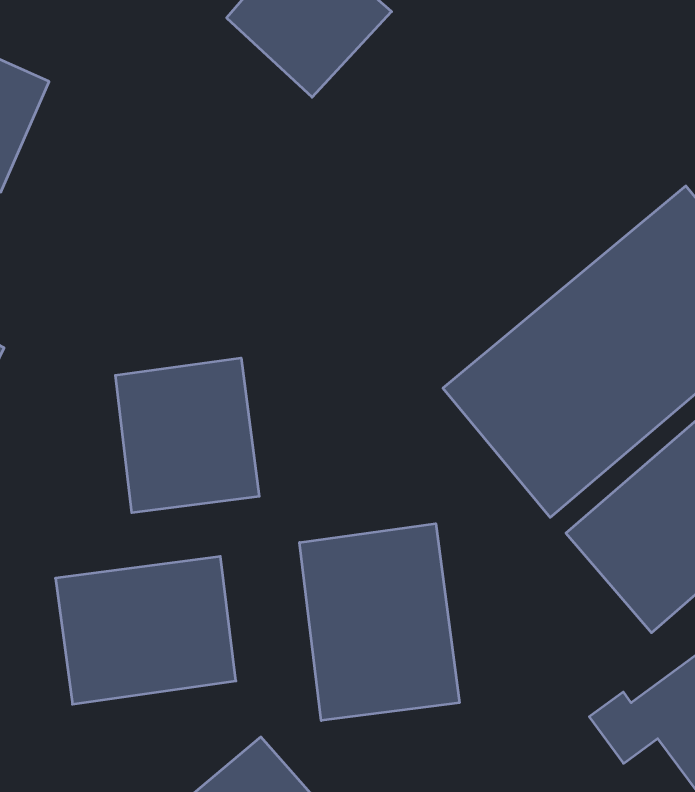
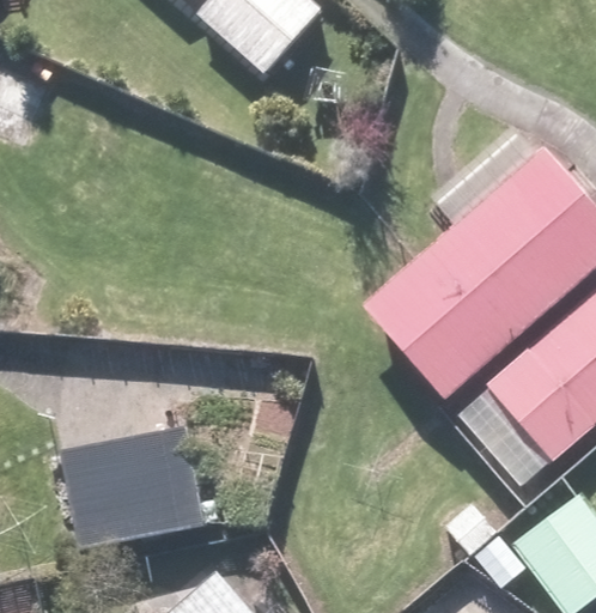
building: [115,358,259,513] -> none
building: [300,524,459,721] -> none

